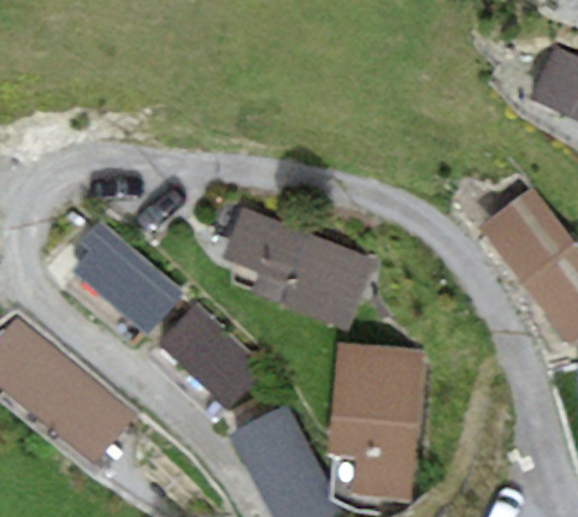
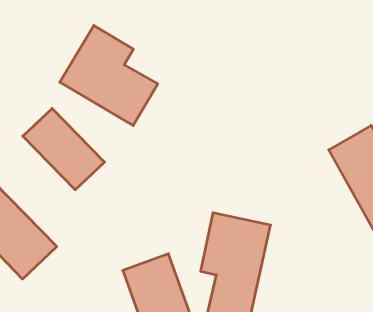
building: none -> [60,25,158,126]
building: [216,219,367,332] -> none
building: [163,304,264,402] -> none

